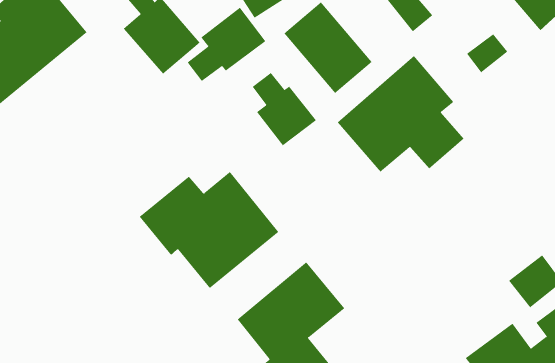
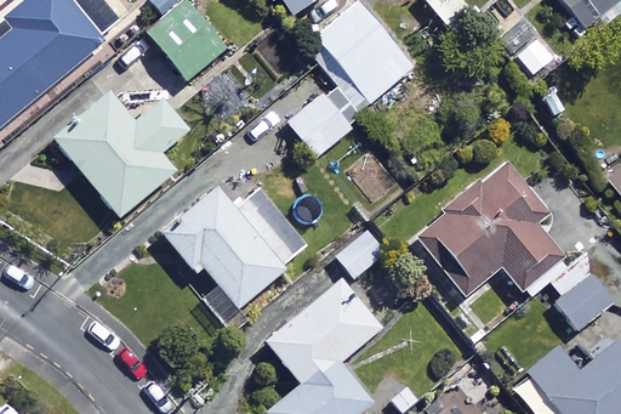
building: [187,7,266,82] -> none
building: [337,55,464,173] -> [423,161,559,287]
building: none -> [55,92,190,216]

